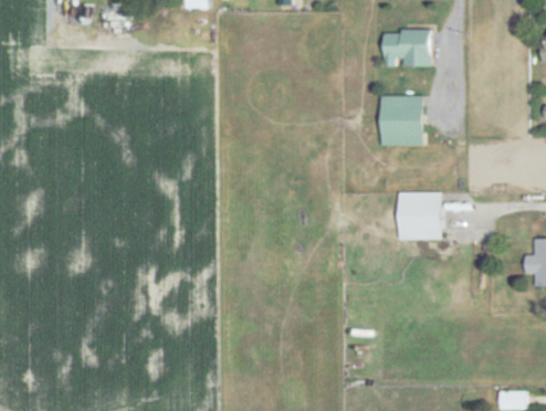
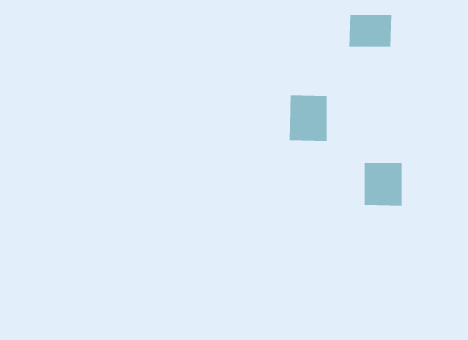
building: [381,95,423,146] -> [289,95,328,142]

